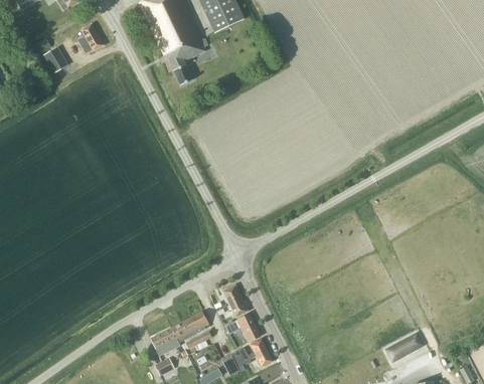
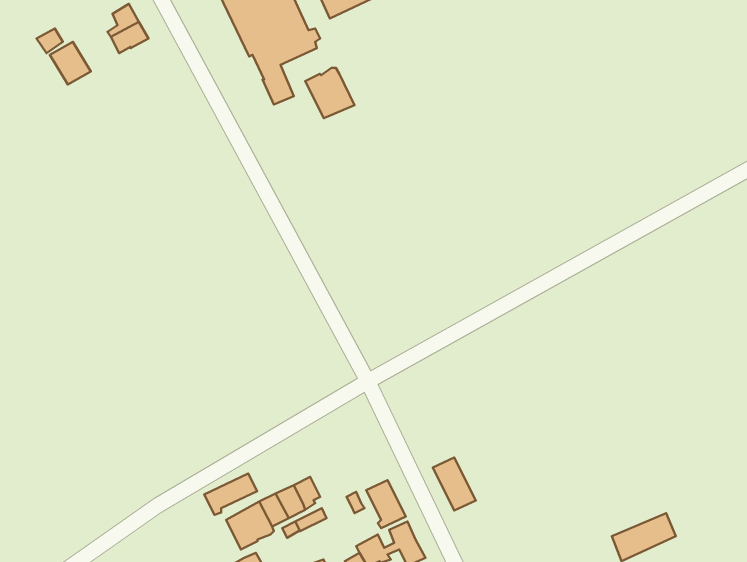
building: none -> [305,68,354,118]
building: [222,284,249,317] -> [433,458,476,510]
building: none -> [204,474,257,515]

